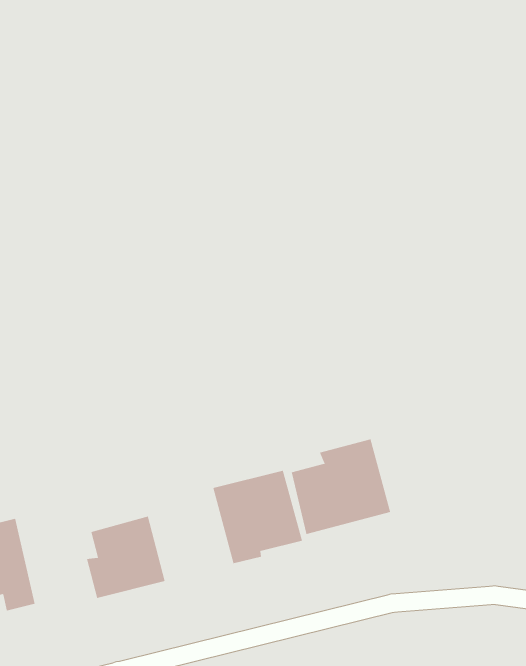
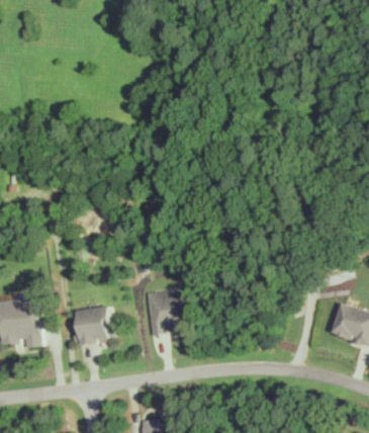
building: [291,438,391,535] -> none

